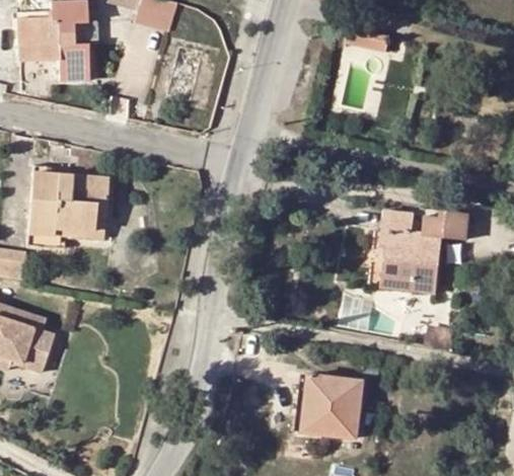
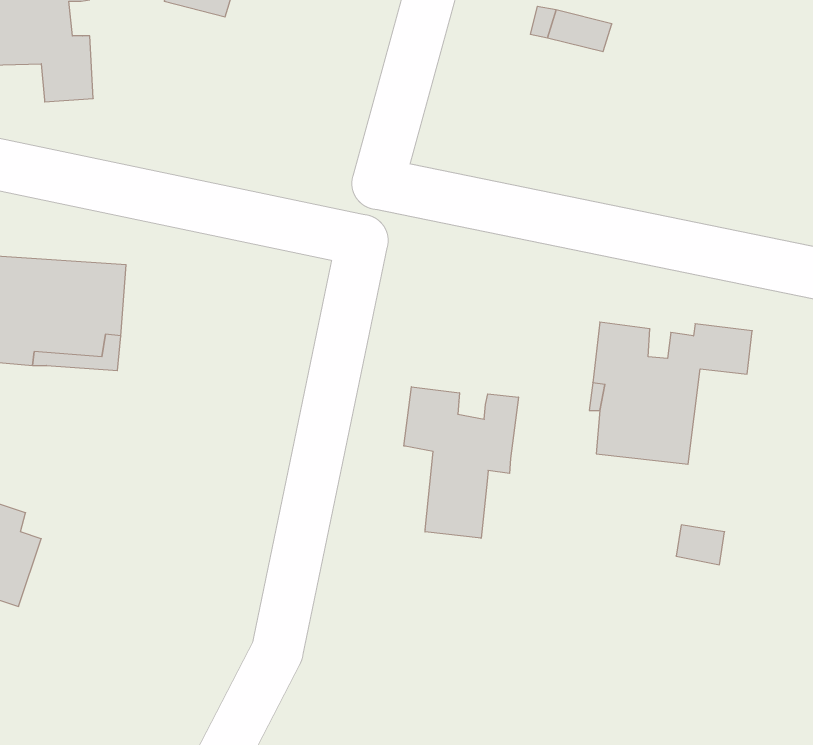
building: none -> [404,387,518,538]
building: [301,374,362,438] -> none

